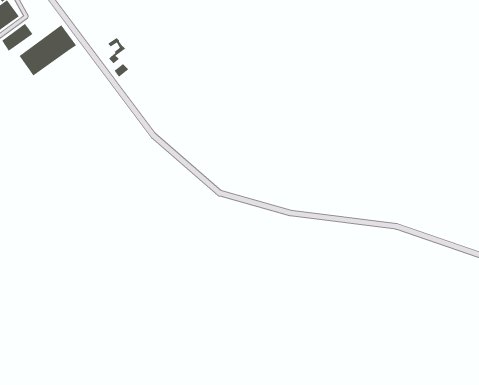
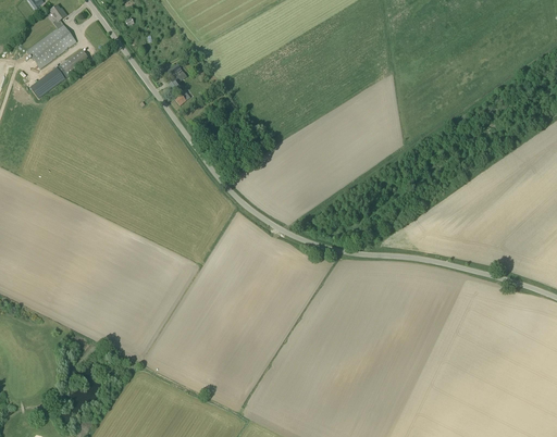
building: [19,24,77,77] -> none

